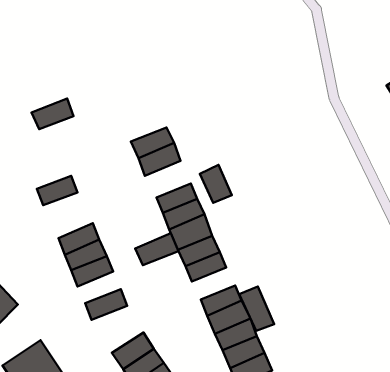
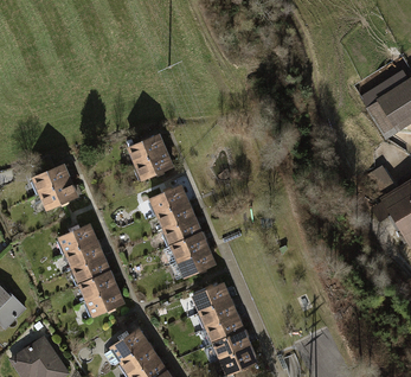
building: [32,98,74,129] -> [33,167,72,196]
building: [200,165,232,203] -> none
building: [135,233,178,265] -> [78,273,118,302]
building: [239,287,274,331] -> none

